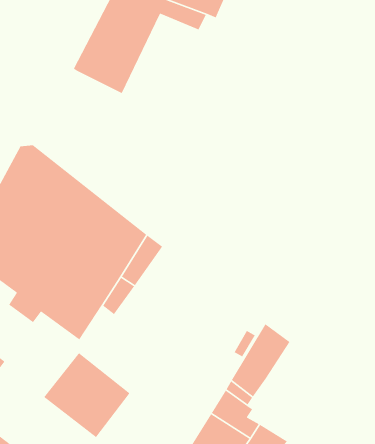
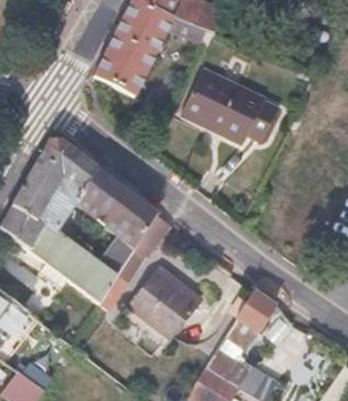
building: none -> [181,66,280,143]
building: [43,352,131,438] -> [129,266,202,338]

